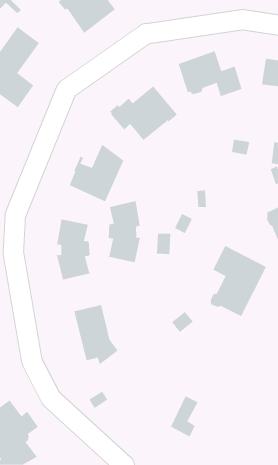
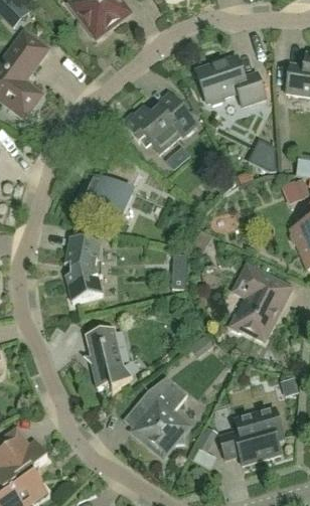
building: [108,200,142,263] -> none
building: none -> [132,376,188,456]
building: none -> [219,406,286,464]

